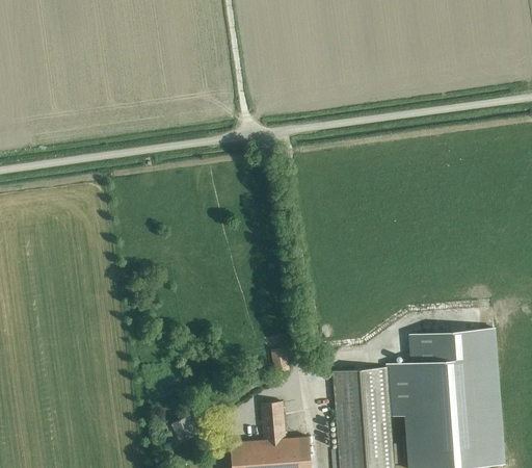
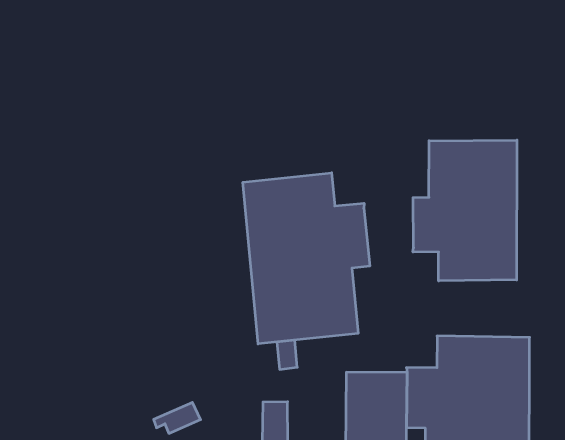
building: none -> [413,140,517,281]
building: none -> [243,173,370,344]

